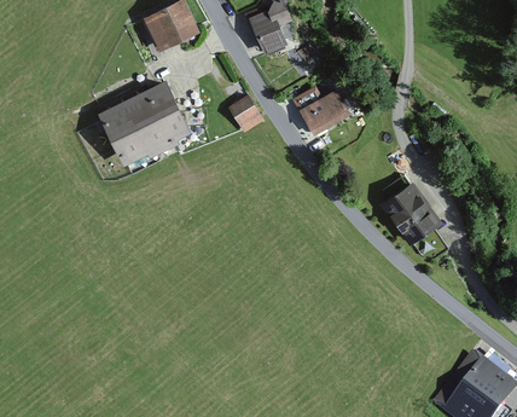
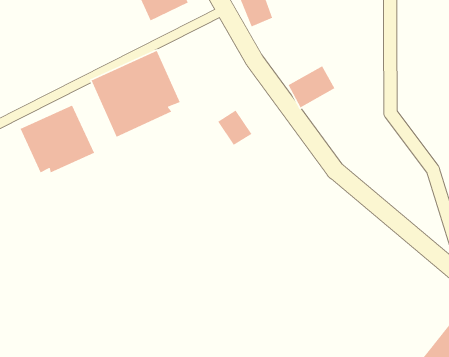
building: [230,95,266,133] -> [217,110,252,146]
building: none -> [19,104,95,174]
building: [384,180,446,244] -> none

